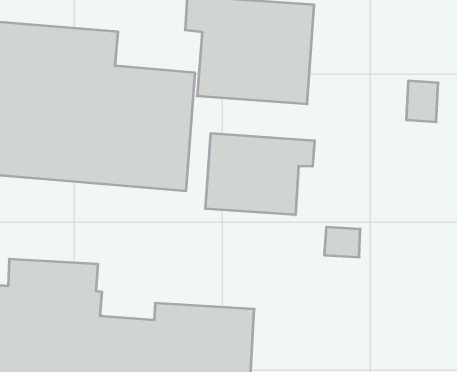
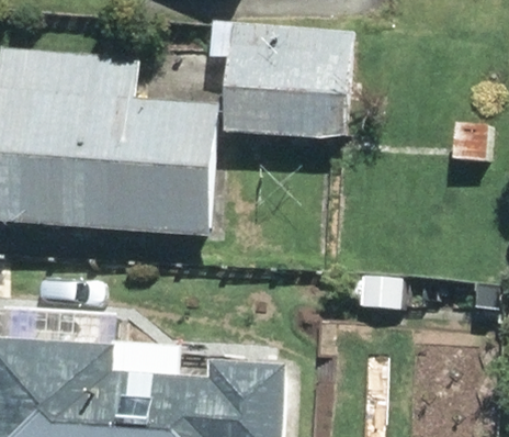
building: [205,133,315,215] -> none

